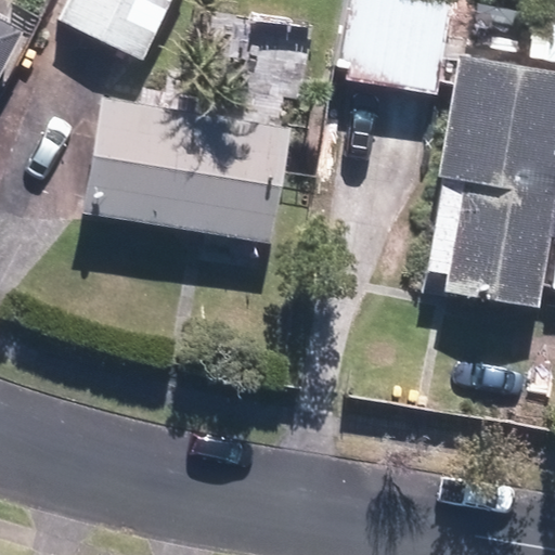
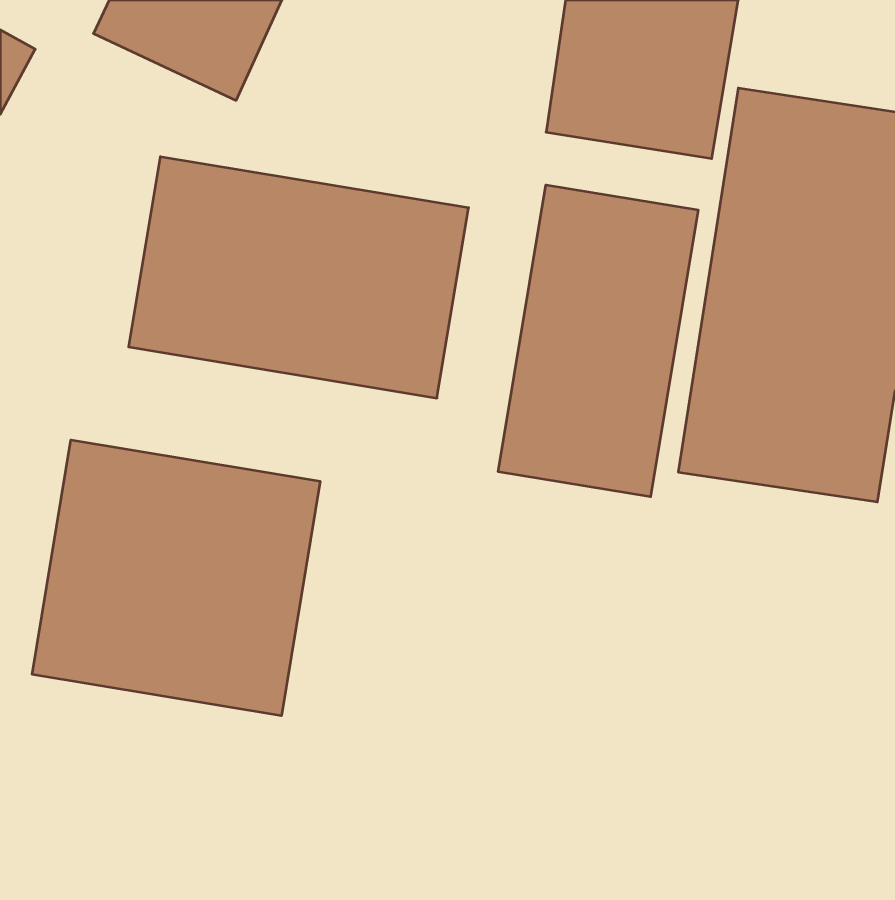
building: none -> [498,185,698,497]
building: none -> [32,440,320,716]

